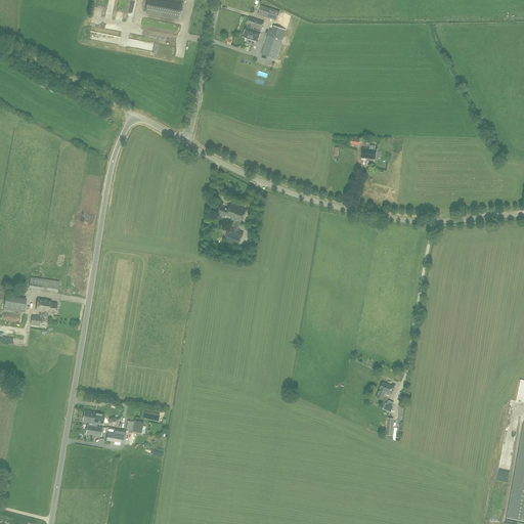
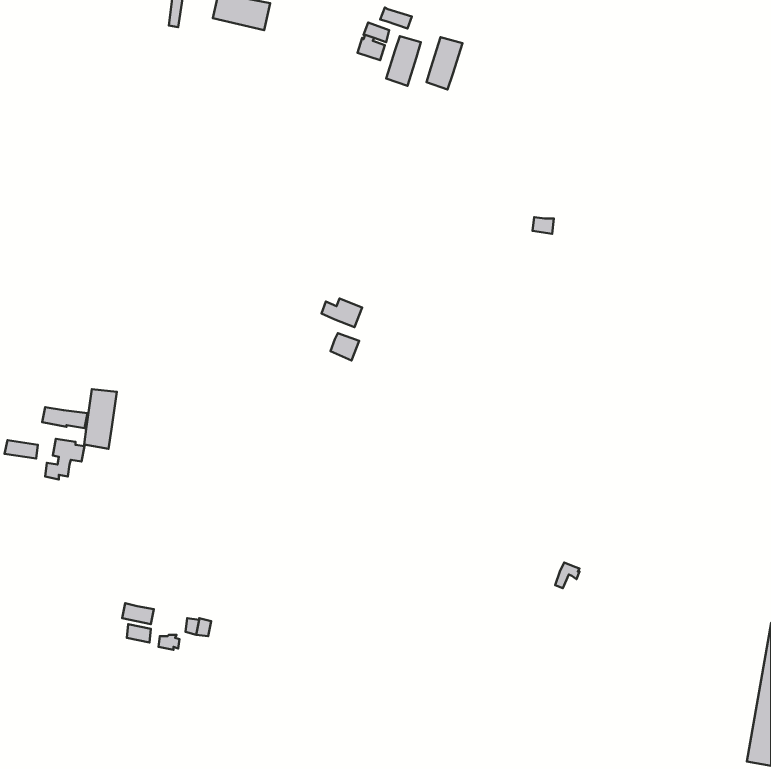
building: none -> [426,37,462,90]
building: none -> [84,389,117,449]

